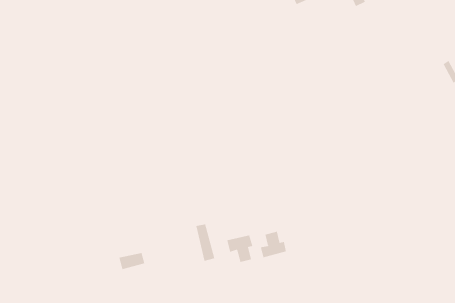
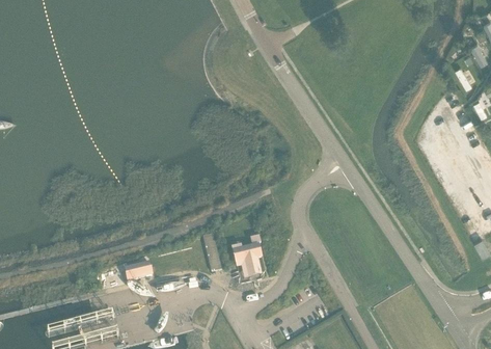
building: [260,231,286,258] -> none

